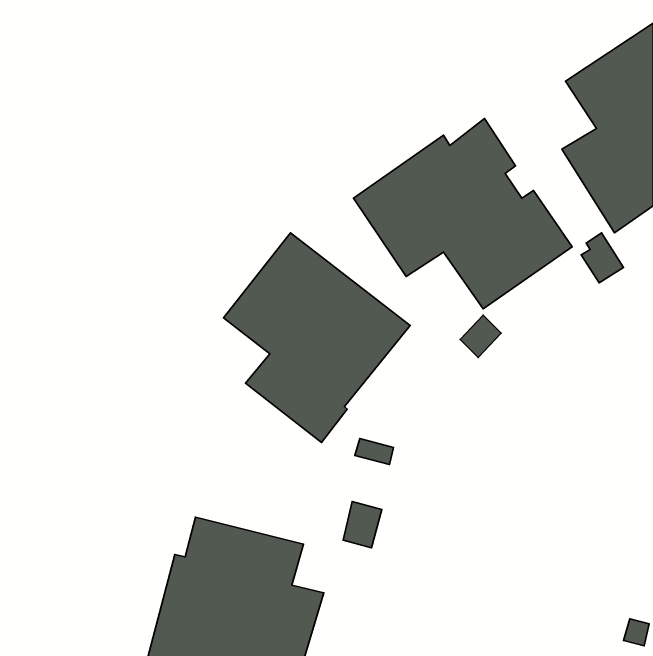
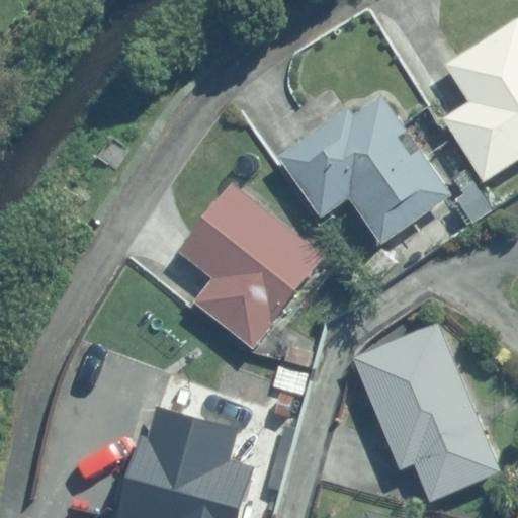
building: none -> [354,323,500,503]

